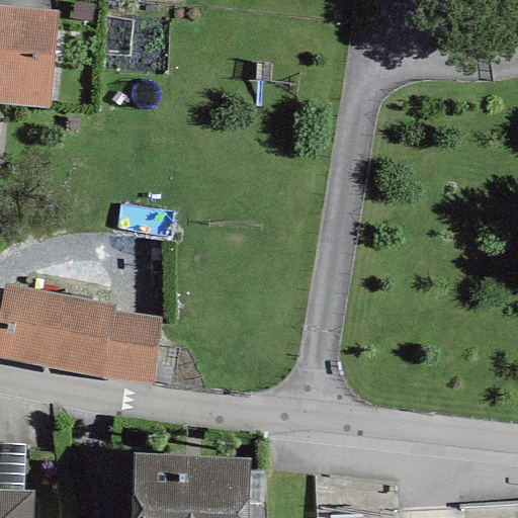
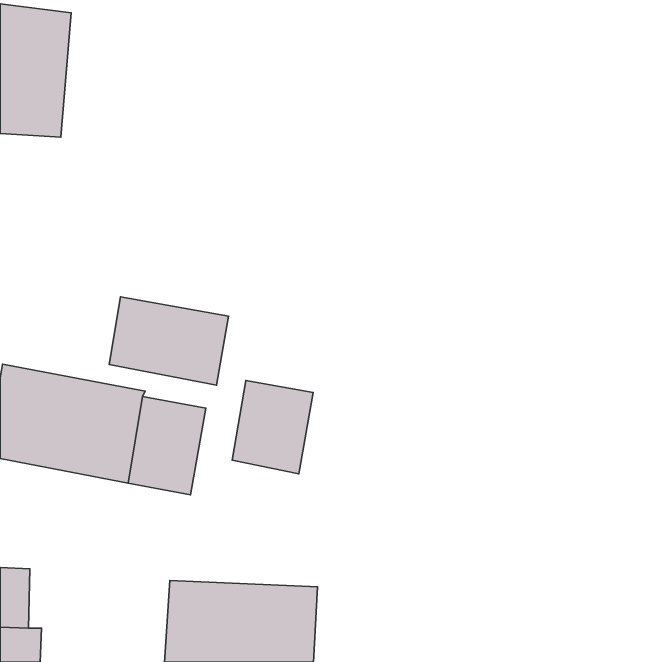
building: none -> [109,297,229,385]
building: none -> [232,380,313,474]

